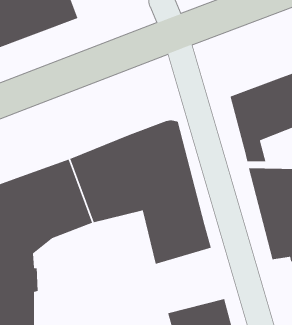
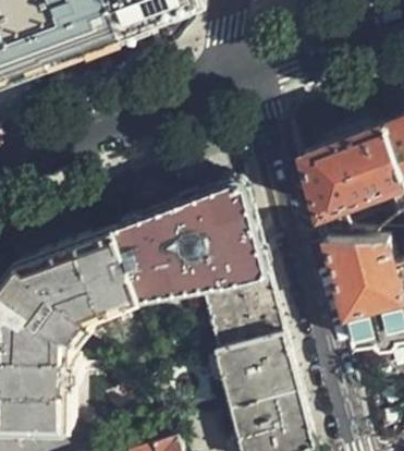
building: none -> [215,331,296,407]

